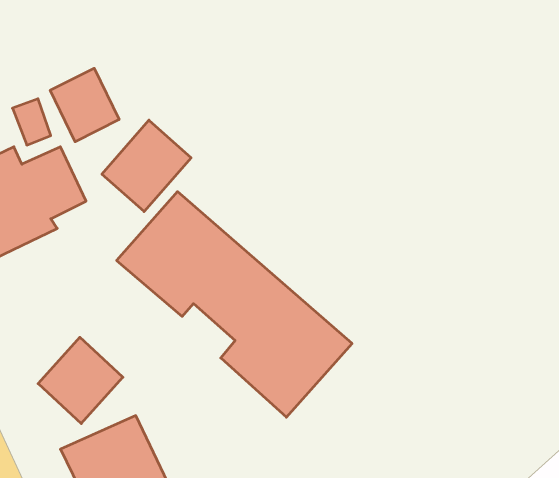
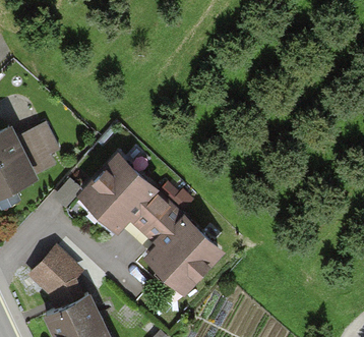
building: [50,68,119,142] -> none
building: [102,120,191,212] -> none

